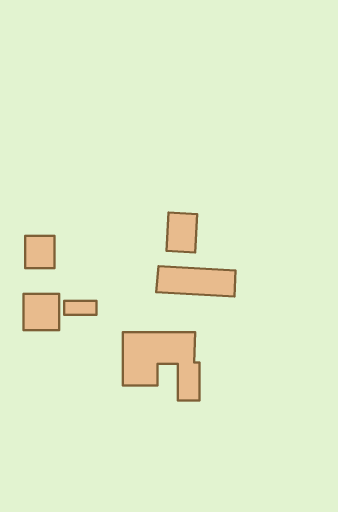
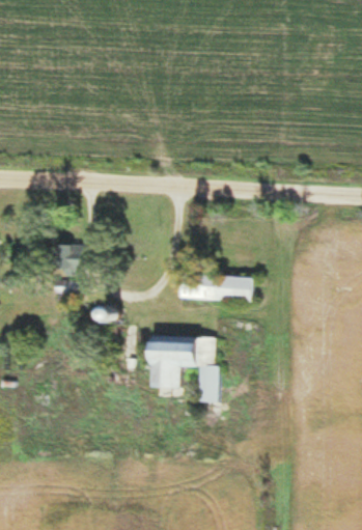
building: [166,213,197,252] -> none
building: [24,294,59,330] -> none

